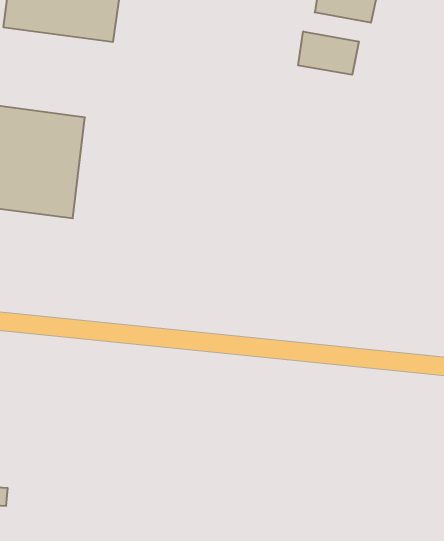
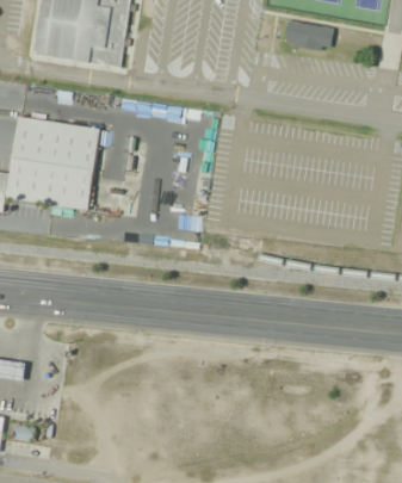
building: [298,31,359,75] -> none

